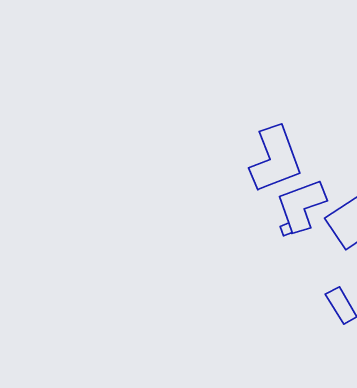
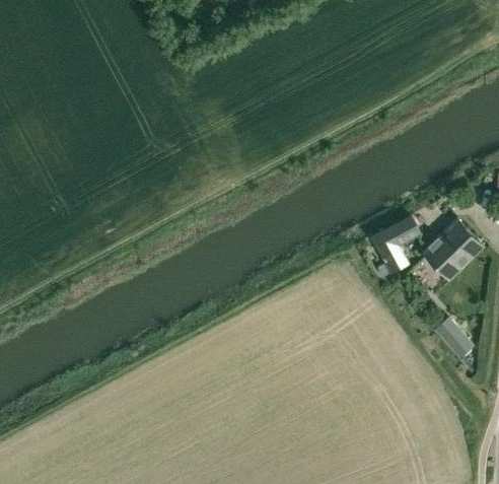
building: [248,124,300,190] -> none

